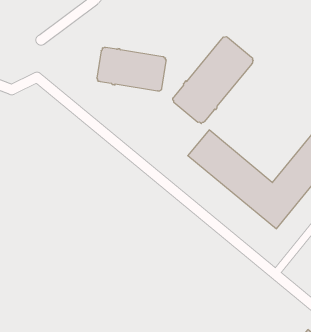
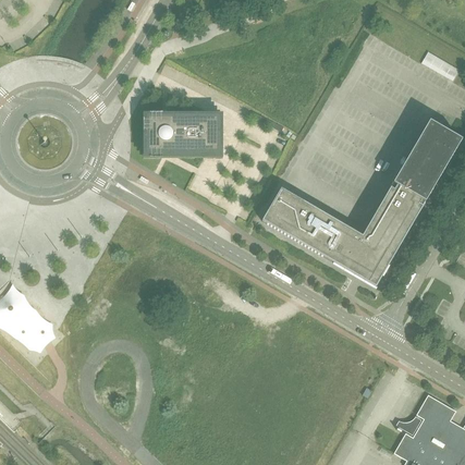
building: [173,37,253,124] -> none

